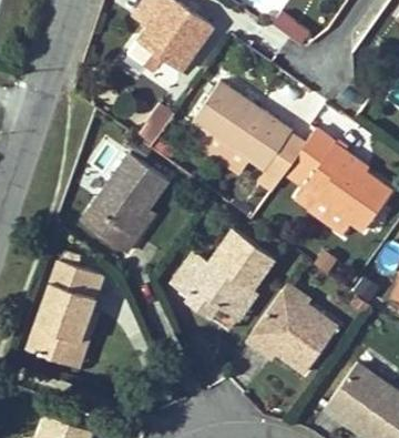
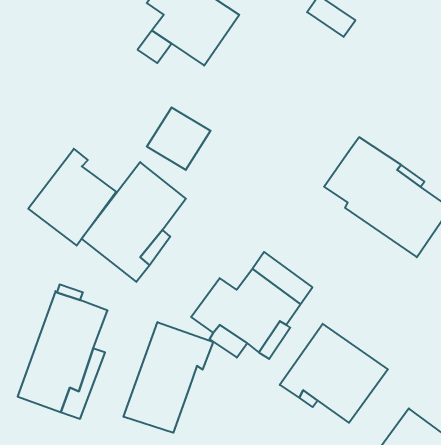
building: [193,82,306,180] -> none
building: none -> [28,149,116,246]
building: none -> [124,322,213,433]

